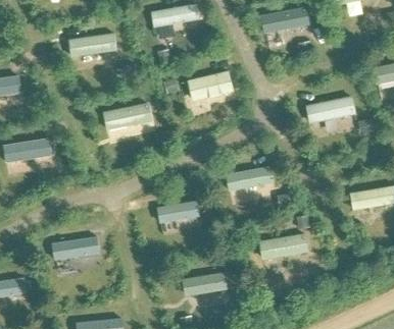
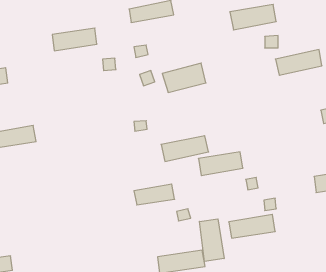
building: [306,96,356,123] -> [275,50,322,75]
building: [103,103,154,130] -> [161,136,209,161]
building: [52,236,101,260] -> none
building: none -> [199,219,224,261]

